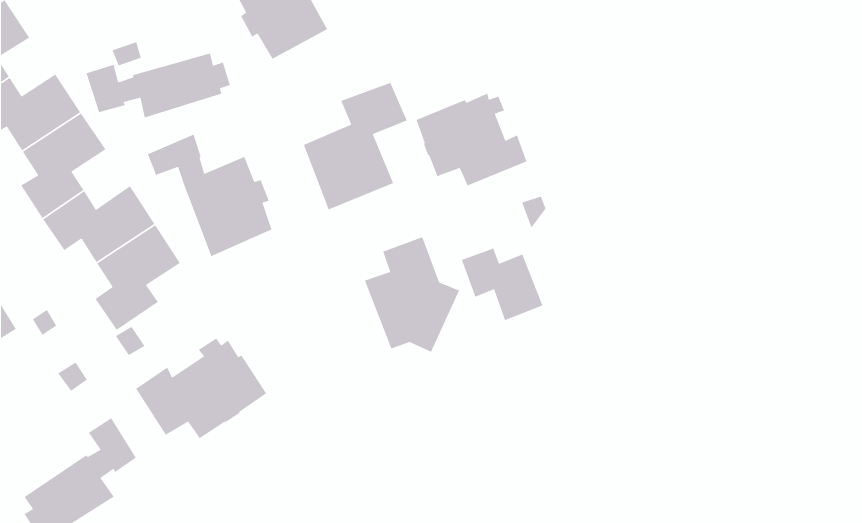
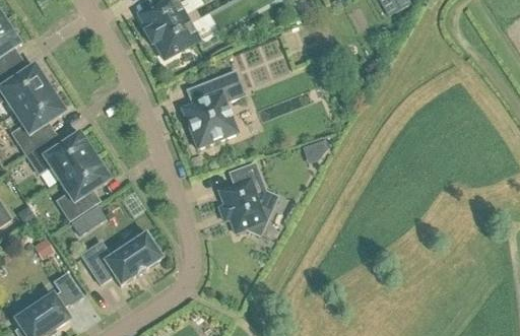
building: [85,52,231,118] -> none
building: [415,93,527,187] -> none
building: [147,133,273,257] -> none
building: [461,247,543,321] -> none

